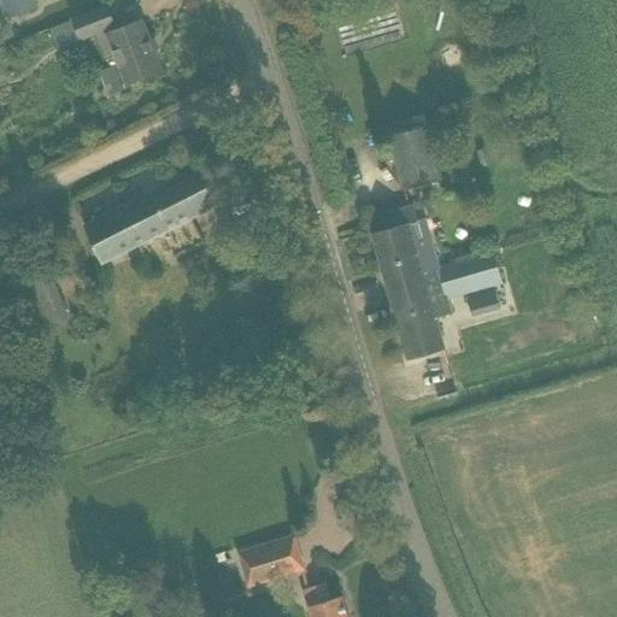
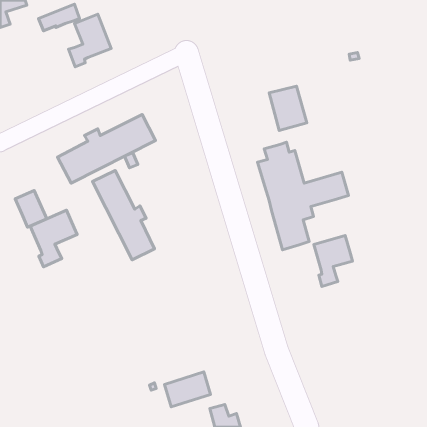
building: none -> [93,170,155,260]
building: none -> [30,210,77,267]
building: none -> [314,236,353,286]

